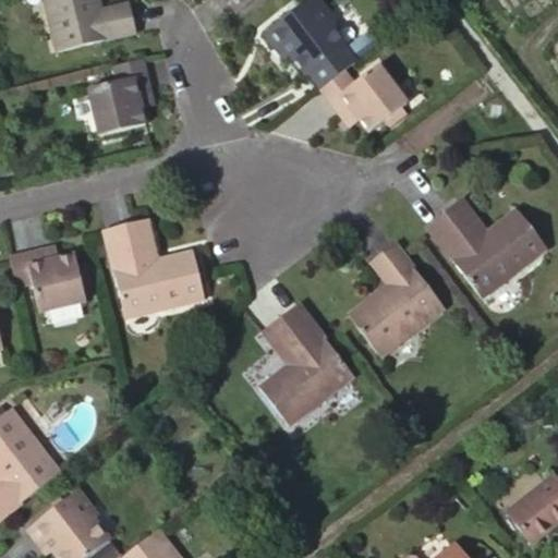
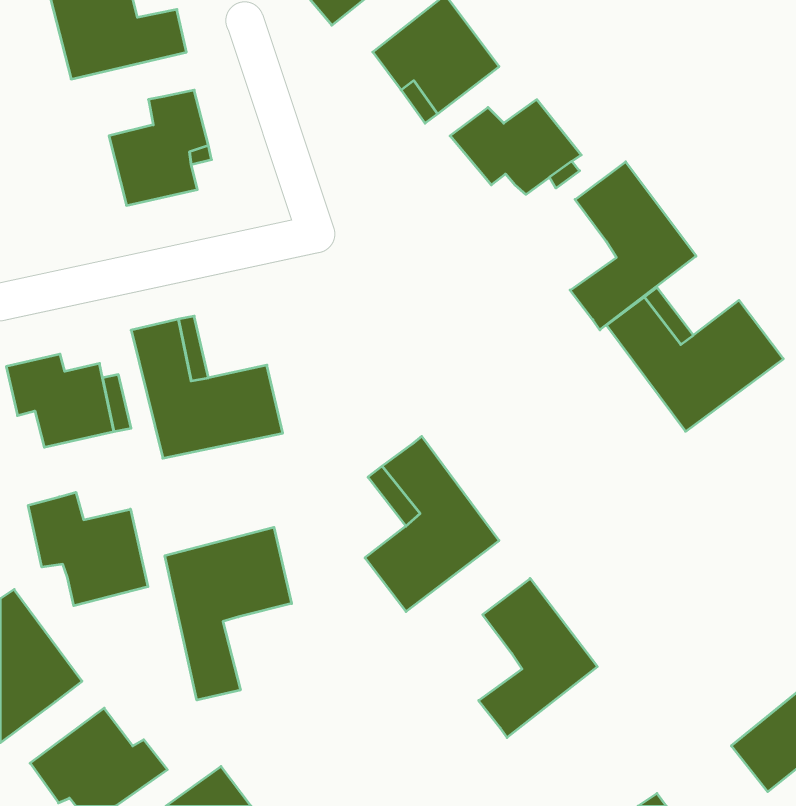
building: none -> [570,162,696,330]
building: [345,240,445,355] -> none
building: none -> [28,492,148,606]
building: none -> [165,527,292,700]
building: none -> [479,578,597,738]

